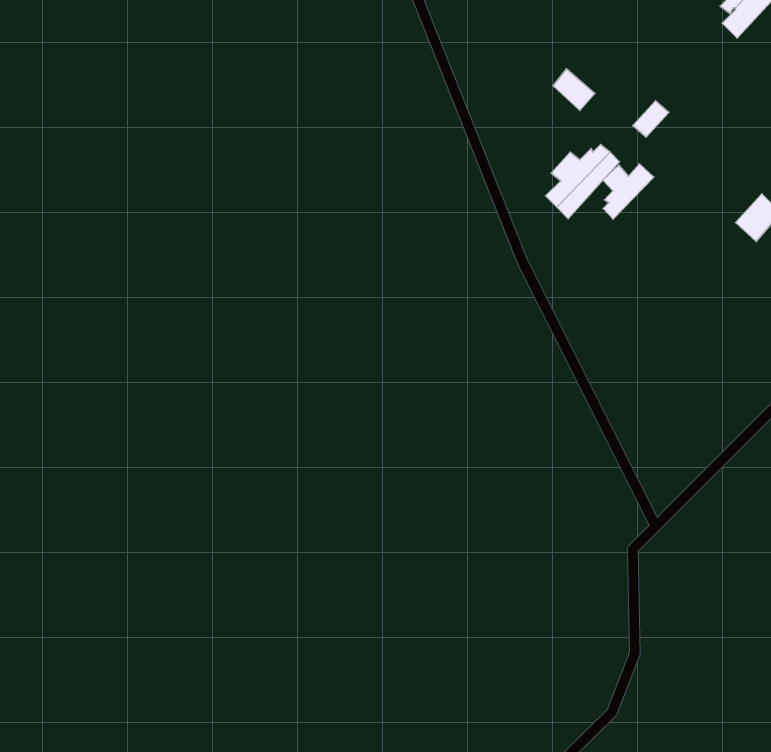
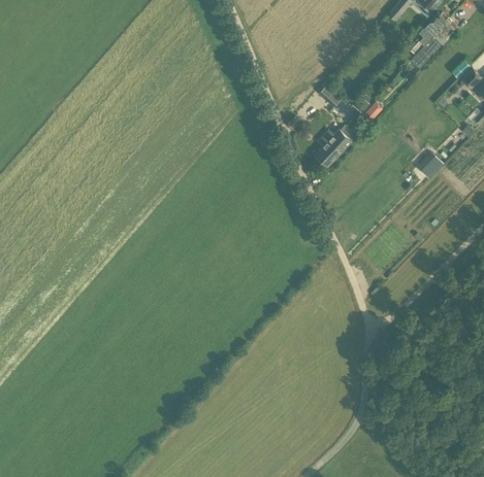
building: [603,164,654,219] -> none

